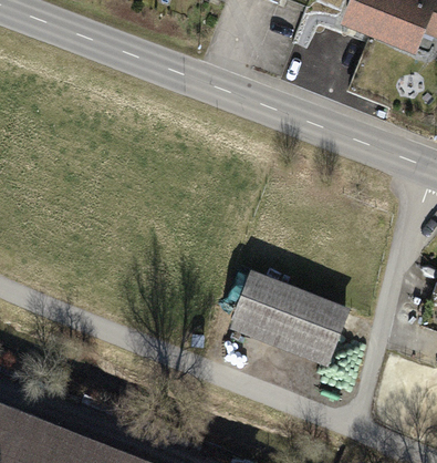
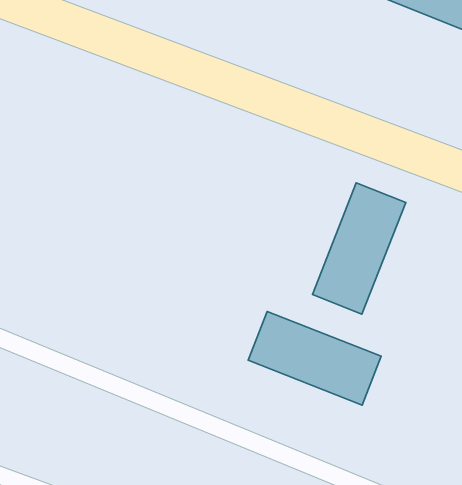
building: none -> [312,183,406,314]

